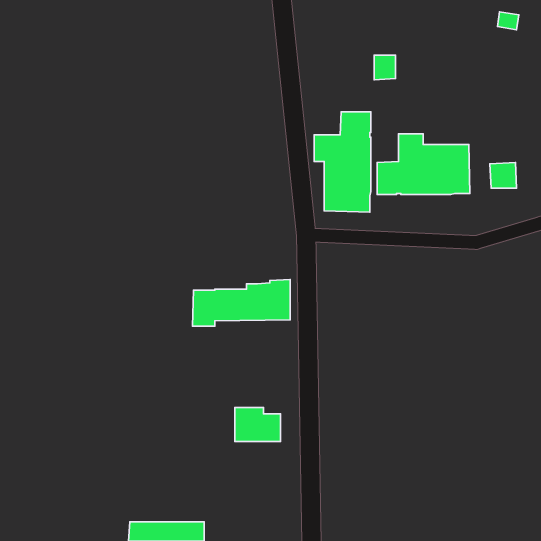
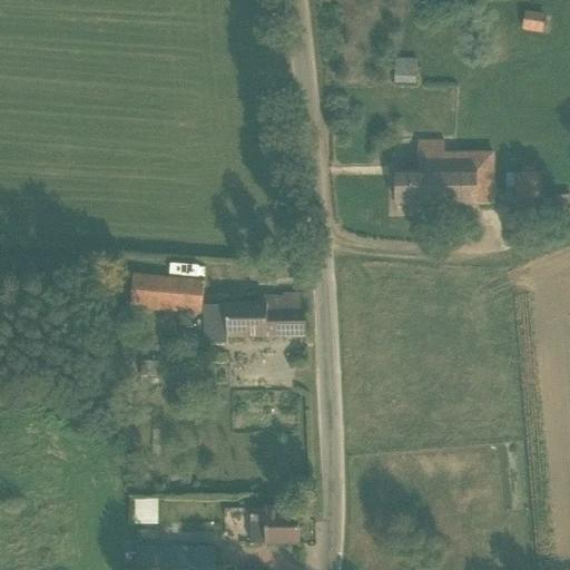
building: [314,112,371,212] -> none
building: none -> [129,274,203,311]
building: [235,407,280,441] -> [249,507,297,542]

